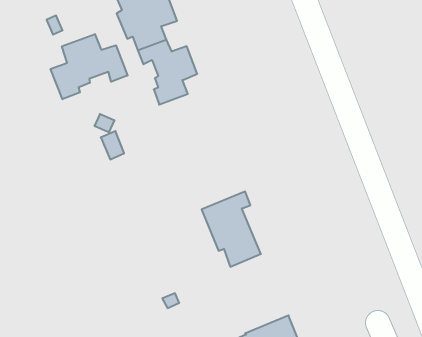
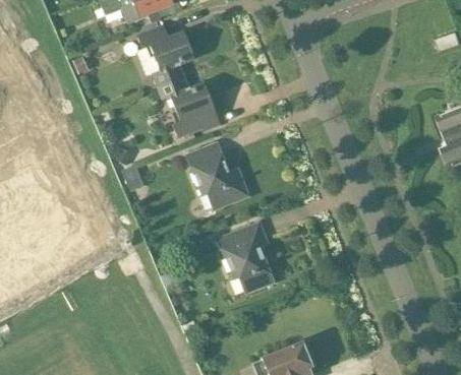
building: [51,34,128,99] -> none
building: none -> [187,142,250,208]

